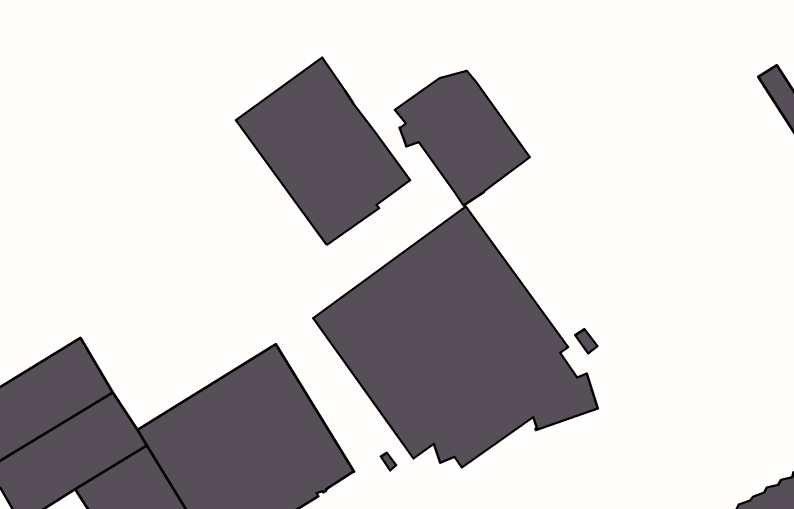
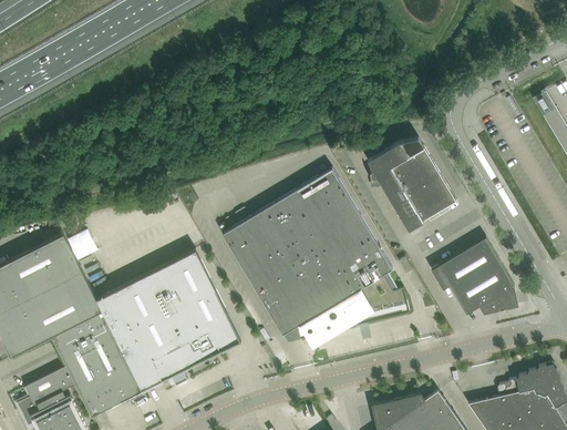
building: [236,57,410,245] -> none
building: [395,71,530,206] -> [368,140,456,231]
building: none -> [432,238,518,315]

